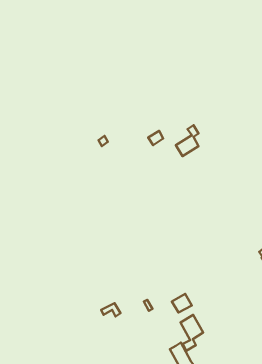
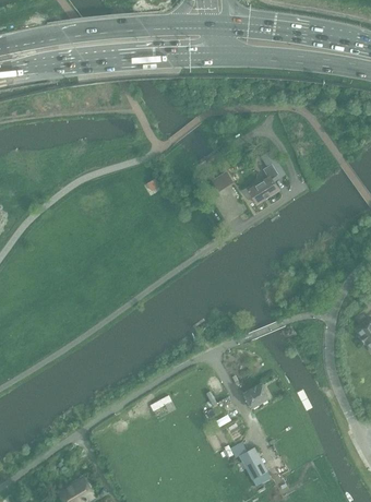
building: [180,315,203,351] -> none

